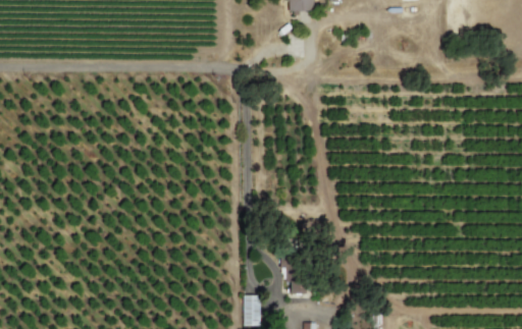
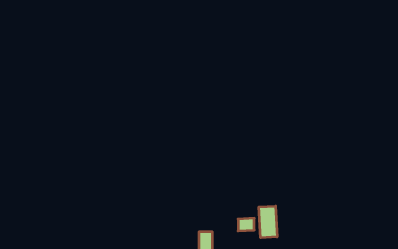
building: none -> [259,206,277,238]

